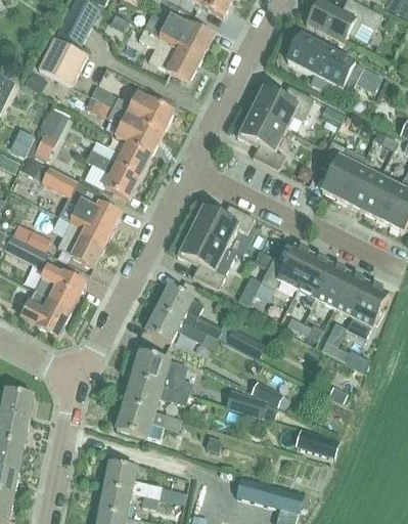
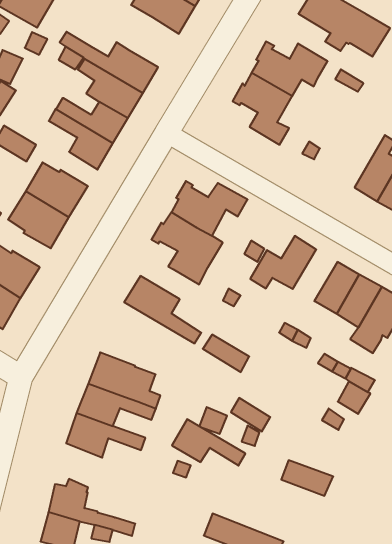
building: [319,139,360,201] -> none
building: [297,254,332,297] -> none
building: [146,307,208,343] -> [172,419,245,466]

